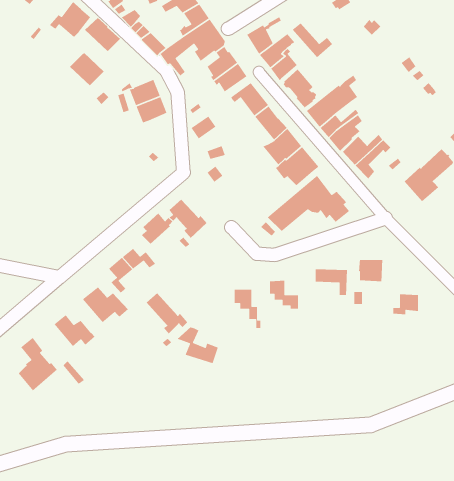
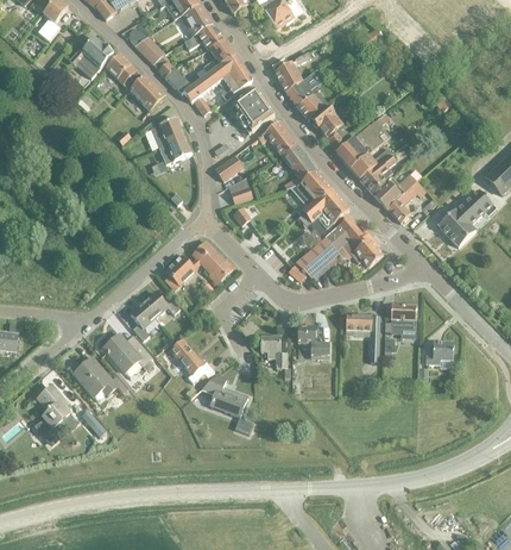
building: [292,23,333,58] -> none
building: [69,52,105,86] -> [128,75,165,111]

